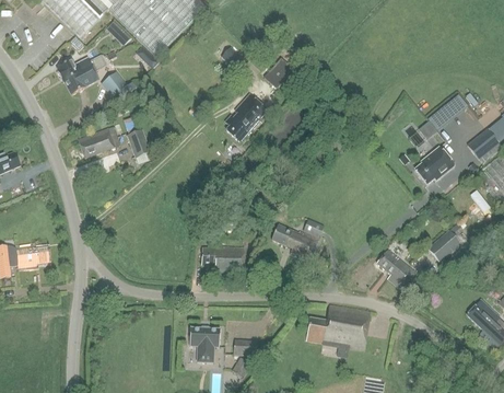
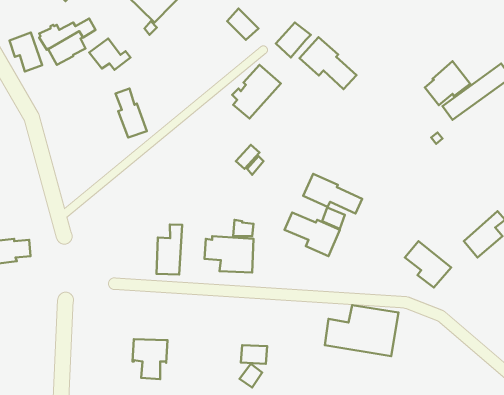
building: none -> [9,32,42,72]
building: none -> [299,37,356,89]
building: [78,126,115,157] -> none
building: [414,145,454,183] -> [425,61,470,105]
building: none -> [303,174,362,213]
building: none -> [157,224,182,274]
building: [189,325,220,360] -> [133,339,168,379]

